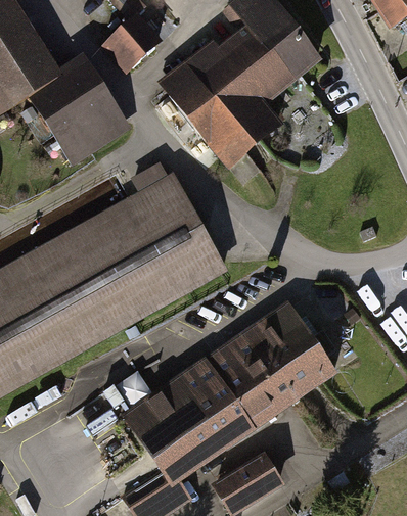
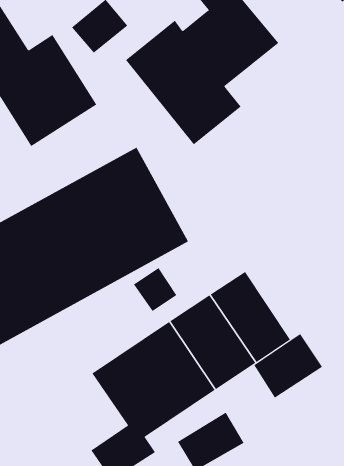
building: none -> [133,267,177,312]
building: none -> [253,333,323,399]

